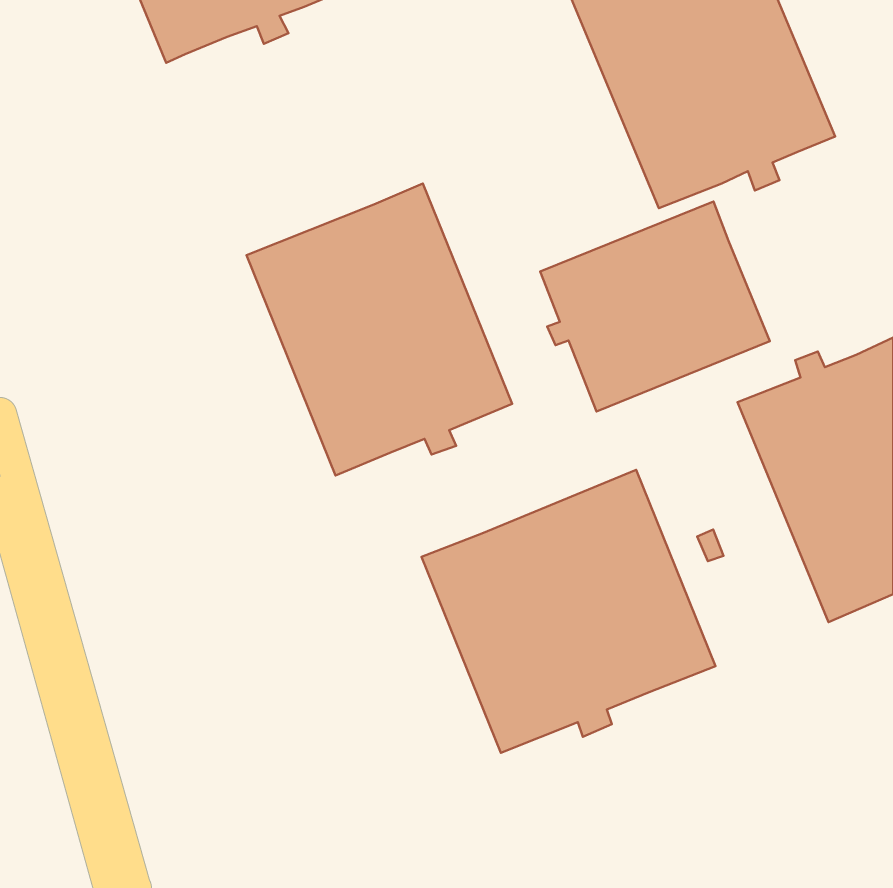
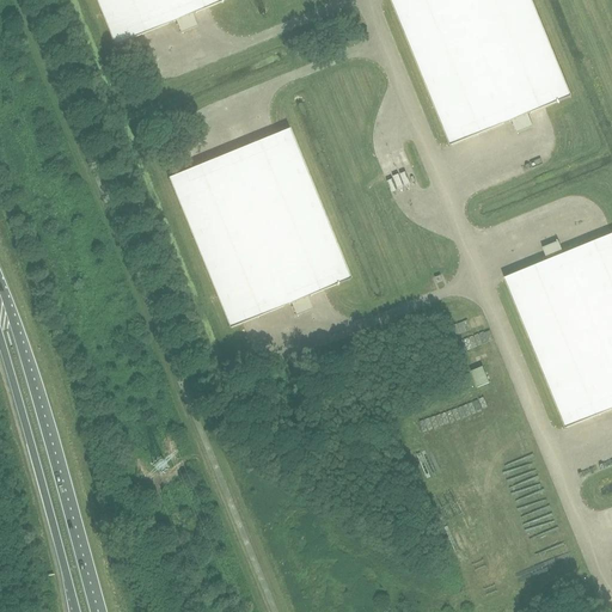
building: [540,201,770,411] -> none
building: [421,470,716,753] -> none

